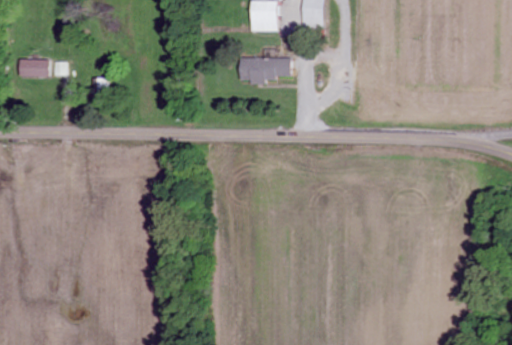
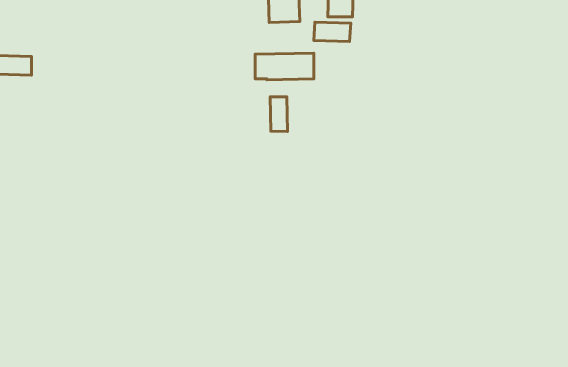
building: none -> [314,22,351,42]
building: none -> [270,97,288,131]

